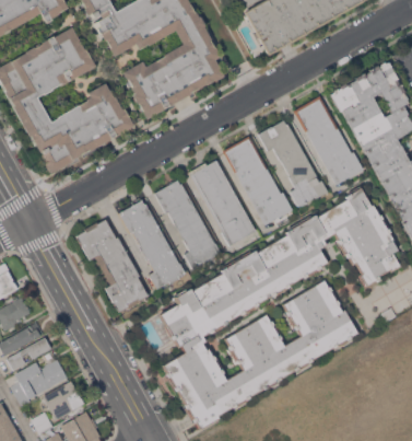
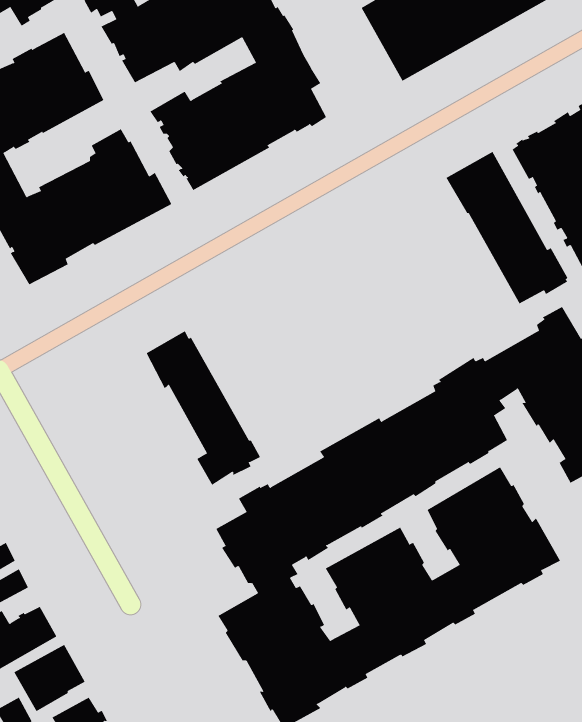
building: [258,120,328,207] -> none
building: [223,137,293,227] -> none
building: [189,161,256,246] -> none
building: [155,179,222,269] -> none
building: [76,220,149,313] -> none

